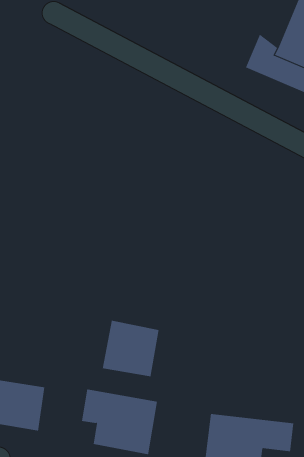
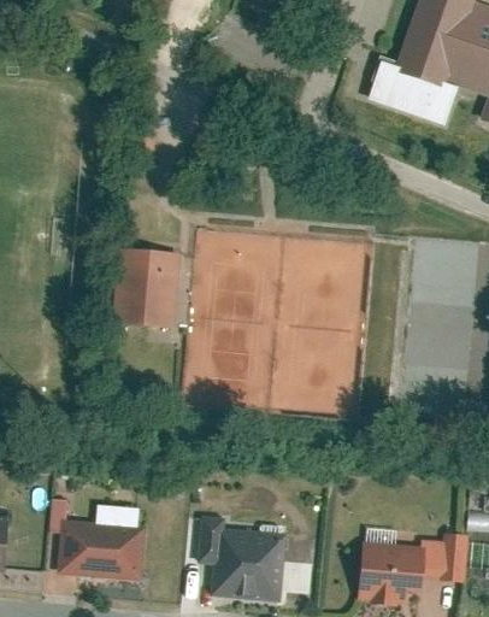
building: none -> [110,248,177,330]
building: [102,320,159,377] -> none

